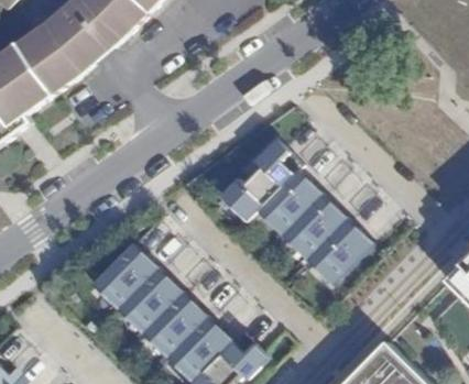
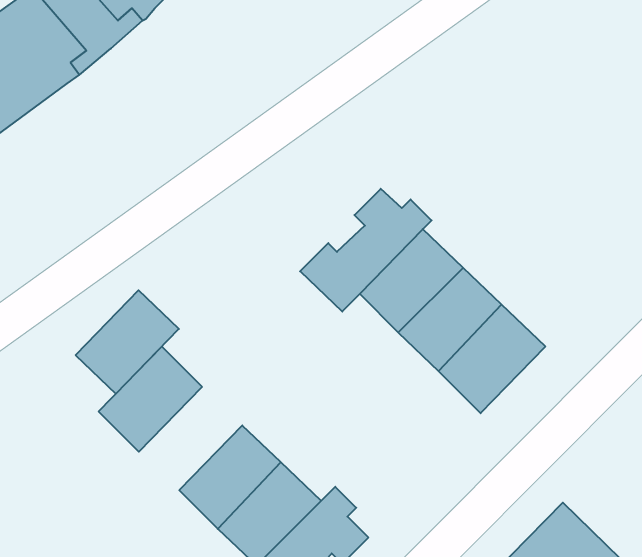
building: [118,267,183,332] -> [76,290,179,394]

